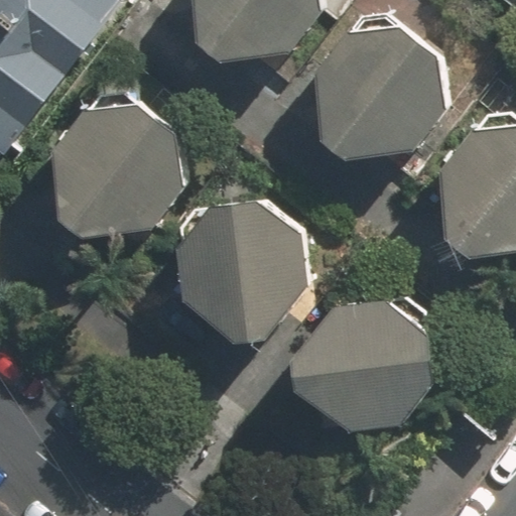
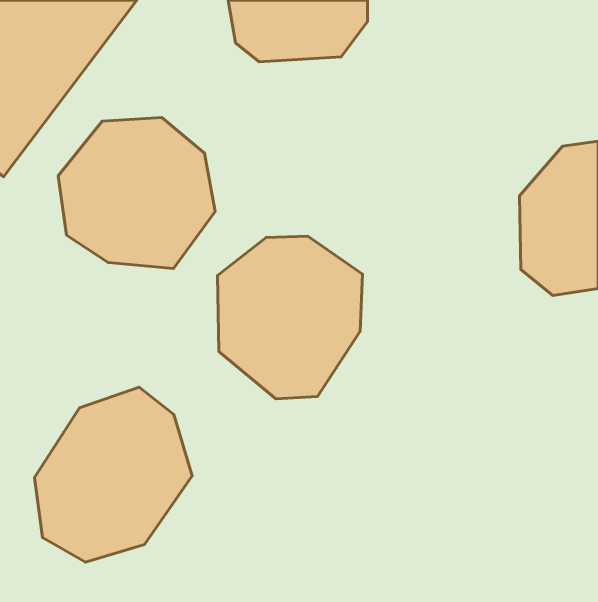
building: [321,28,437,158] -> none
building: [293,300,432,433] -> none
building: none -> [35,387,192,562]

